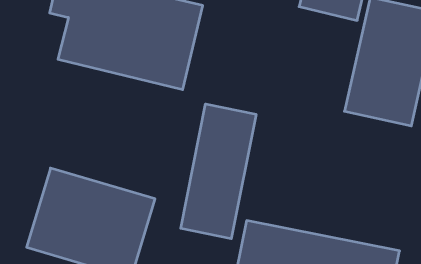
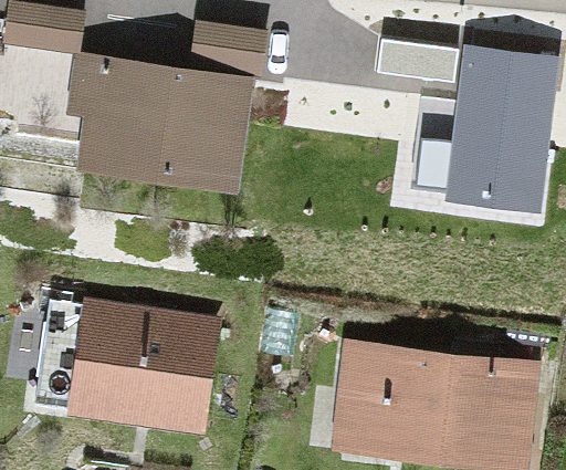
building: [181,104,256,239] -> none

